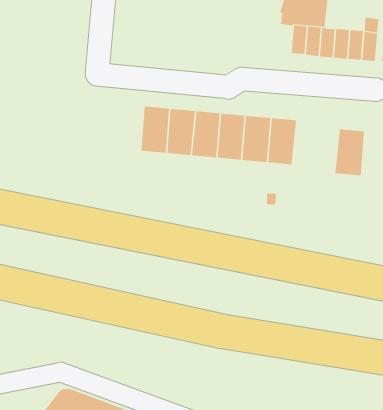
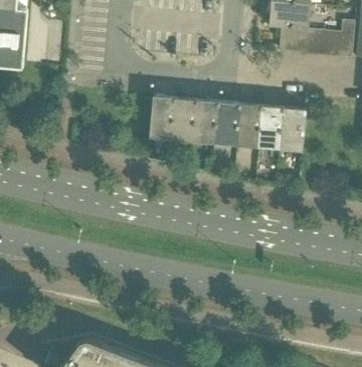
building: [334,129,365,176] -> [279,108,305,148]

